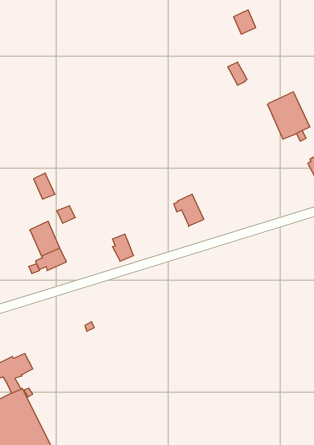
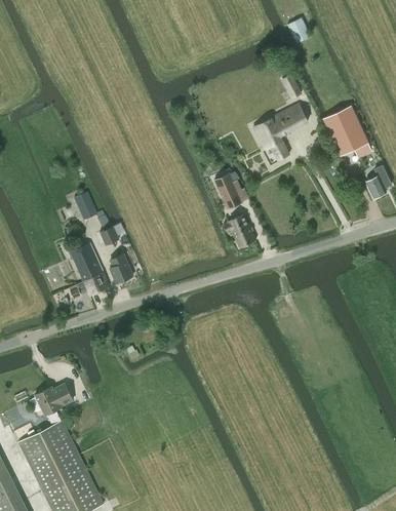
building: none -> [251,103,306,159]
building: none -> [213,172,241,208]
building: [112,234,134,261] -> [109,253,131,282]

